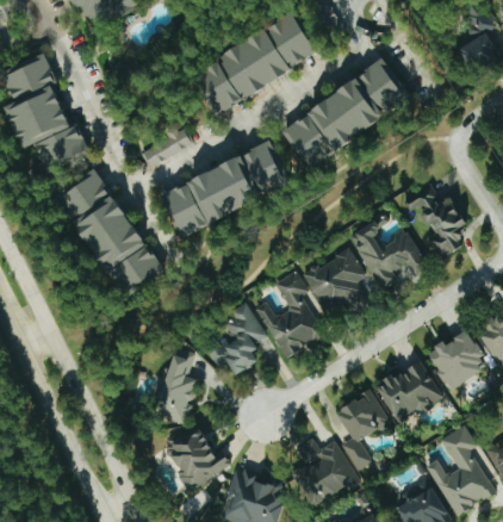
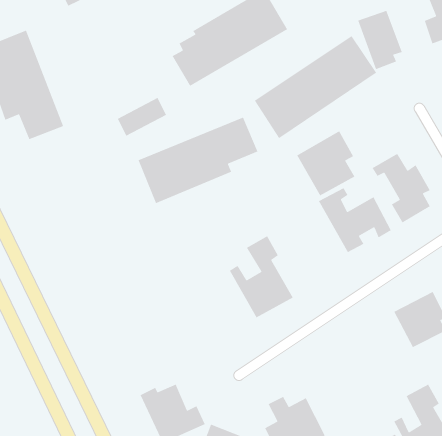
building: none -> [357,10,403,70]
building: [58,167,162,296] -> none
building: [303,247,365,316] -> [296,130,355,196]
building: [206,302,267,374] -> none
building: [159,344,197,423] -> none
building: [375,359,442,422] -> none
building: [335,389,389,470] -> none

